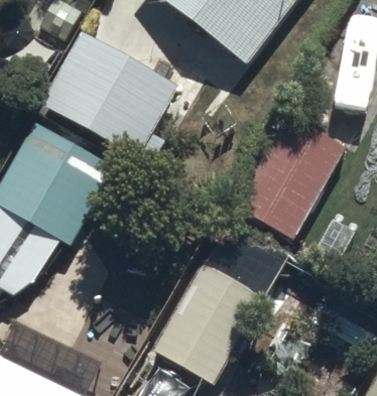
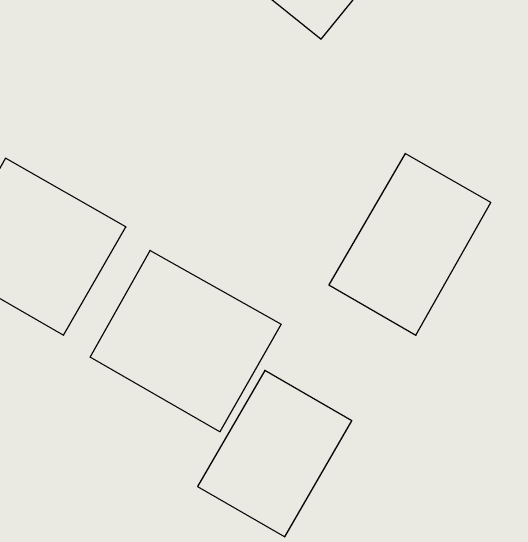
building: [48,42,165,153] -> none
building: none -> [90,250,281,432]

